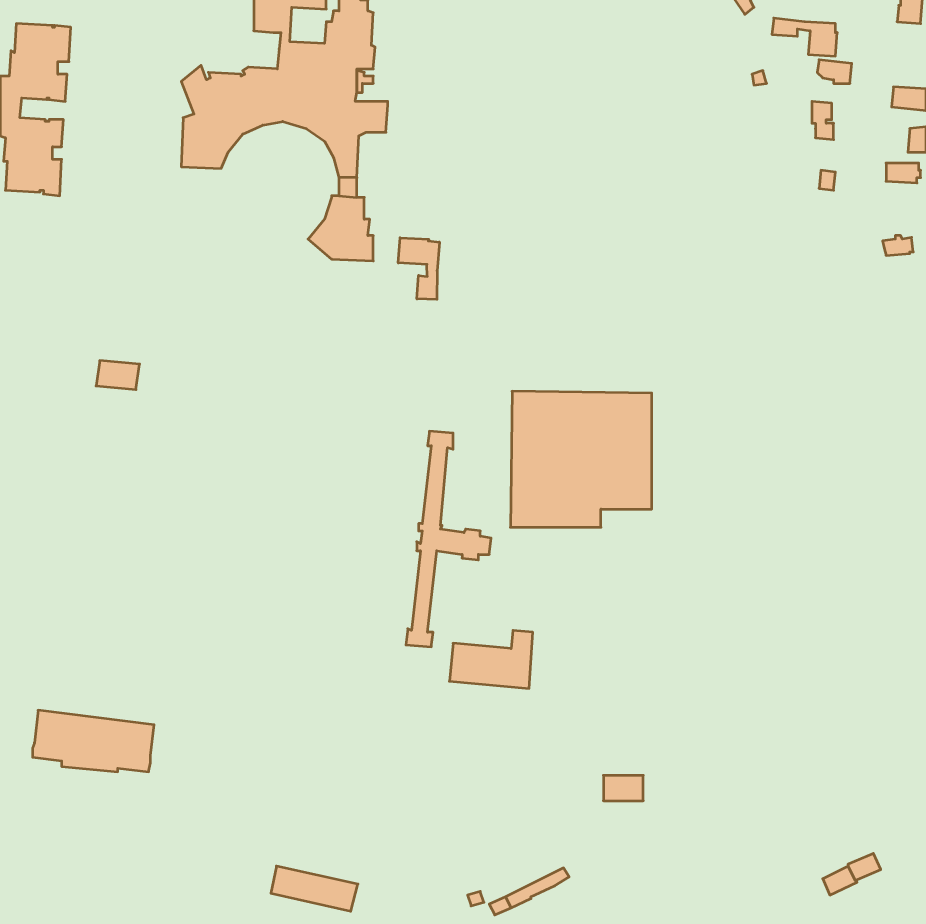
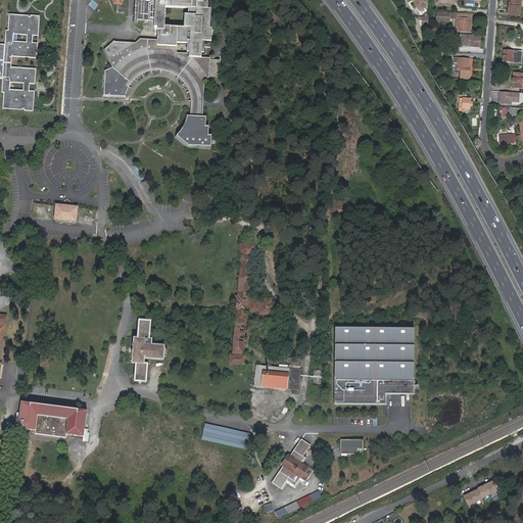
building: [398,238,439,299] -> none
building: [510,391,652,527] -> [333,325,413,401]
building: none -> [132,319,169,382]
building: none -> [271,437,312,487]
building: [271,866,358,911] -> [201,423,250,448]

